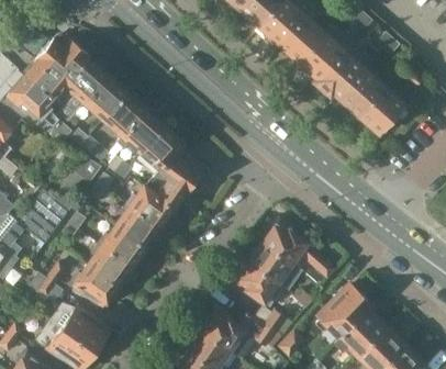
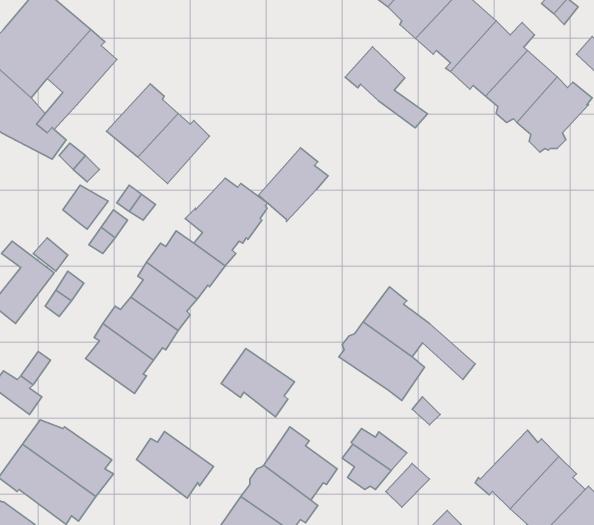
building: none -> [345,47,428,128]
building: [83,76,130,121] -> none
building: [141,124,185,170] -> [258,148,328,221]
building: [233,262,279,305] -> [221,349,295,417]
building: [71,264,120,305] -> [137,432,213,498]
building: [315,284,371,339] -> none

